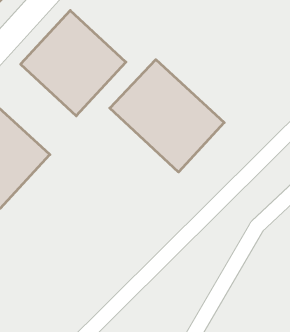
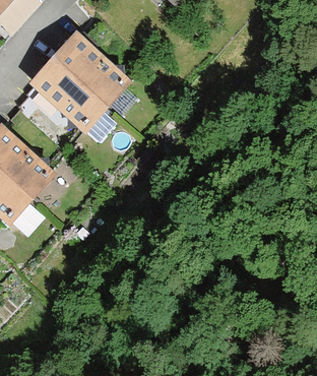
building: [110,60,224,172] -> none

